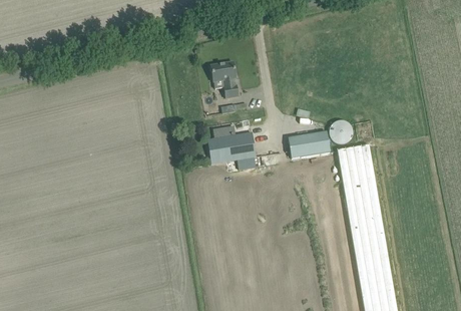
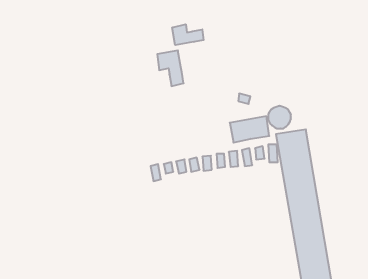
building: none -> [172,24,204,45]
building: [206,131,256,169] -> none

